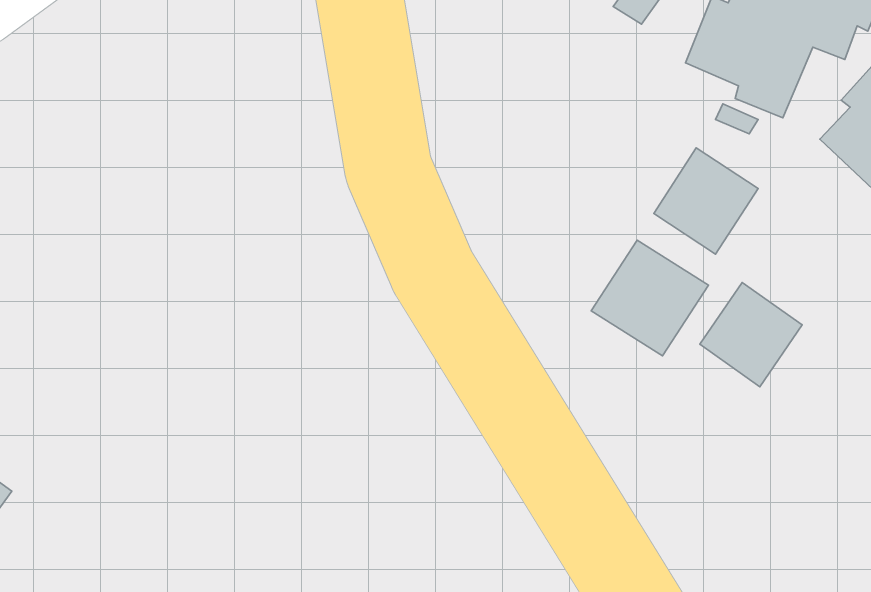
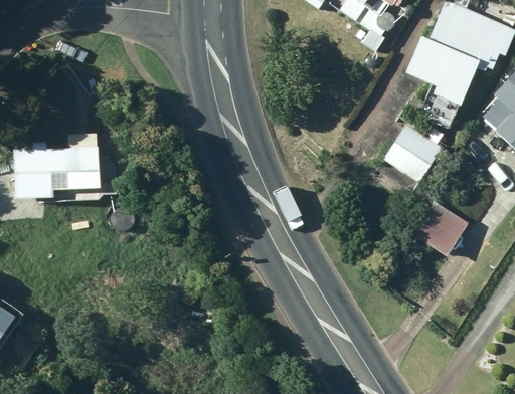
building: none -> [19,133,104,198]
building: [591,240,708,356] -> none

